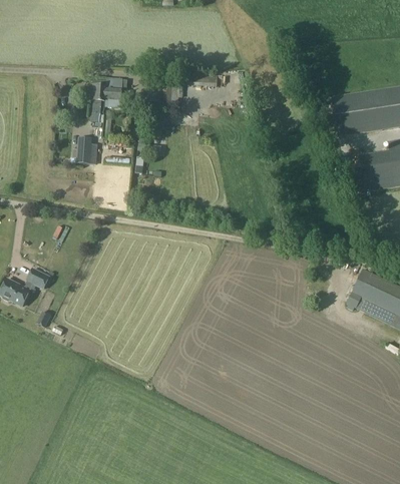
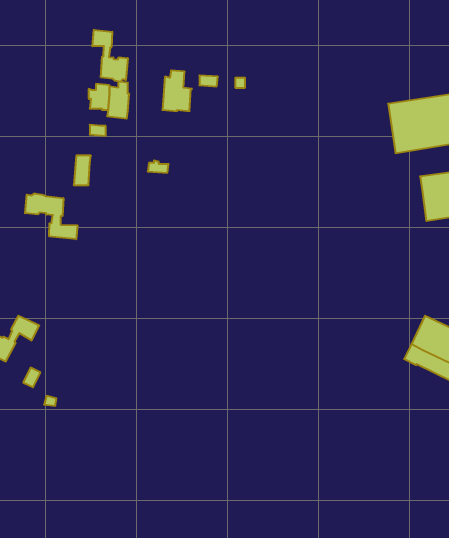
building: none -> [92,30,128,82]
building: none -> [25,193,77,239]

